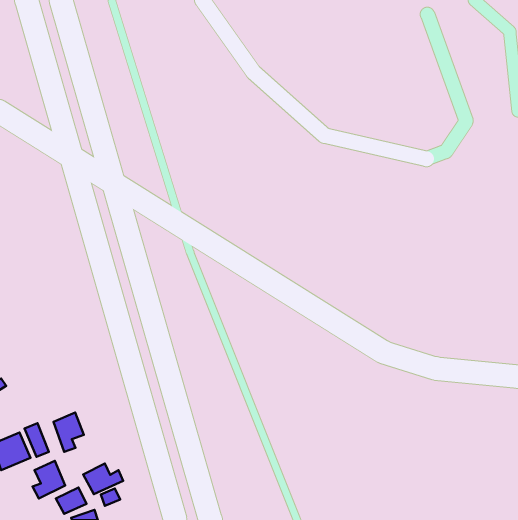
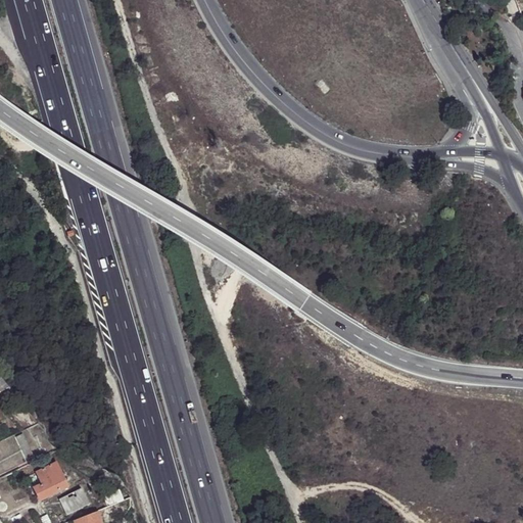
building: [53,412,84,452] -> none
building: [83,464,123,494] -> none

